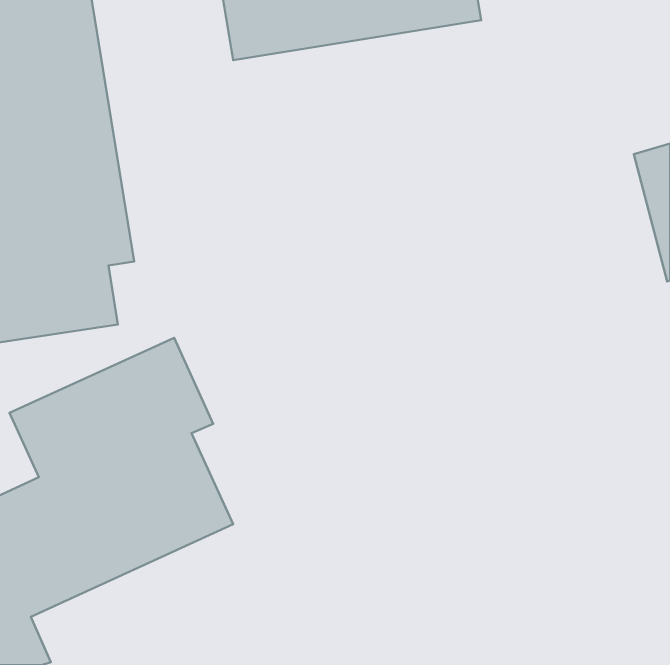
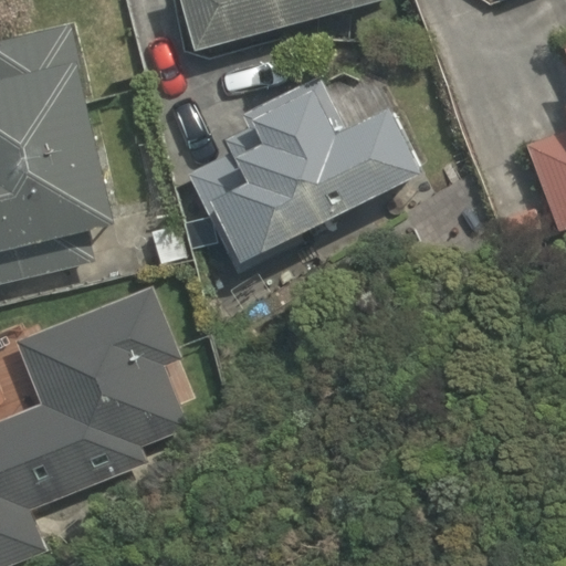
building: none -> [182,81,415,264]

